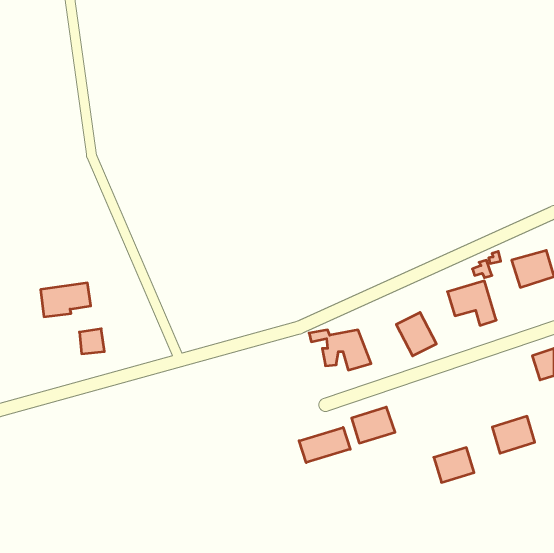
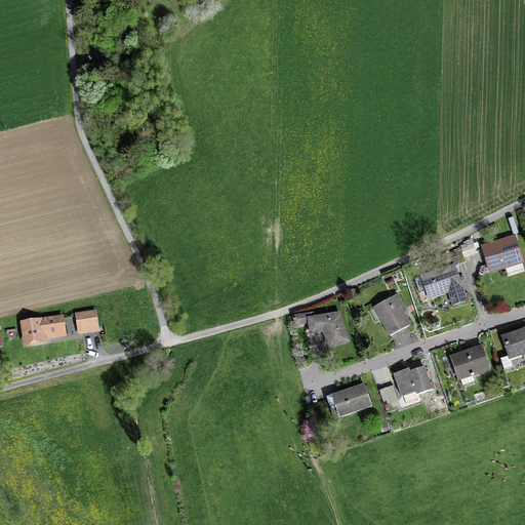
building: [41,283,91,317] -> [19,314,67,346]
building: [492,416,535,453] -> [450,345,490,379]
building: [299,427,350,463] -> none
building: [434,448,474,482] -> [394,365,432,398]

